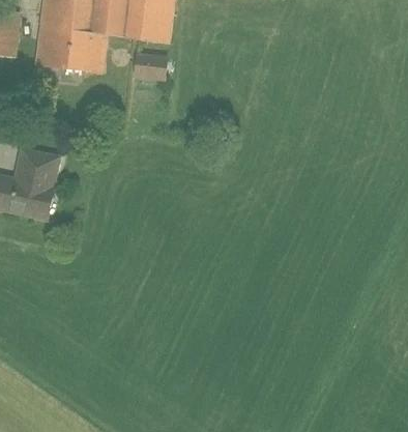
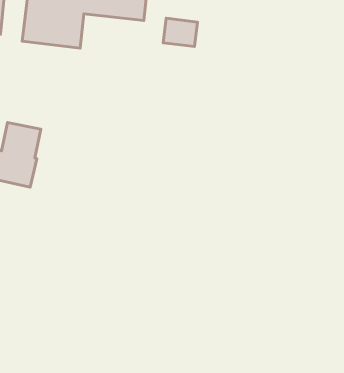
building: [132,51,168,81] -> [163,18,198,47]

